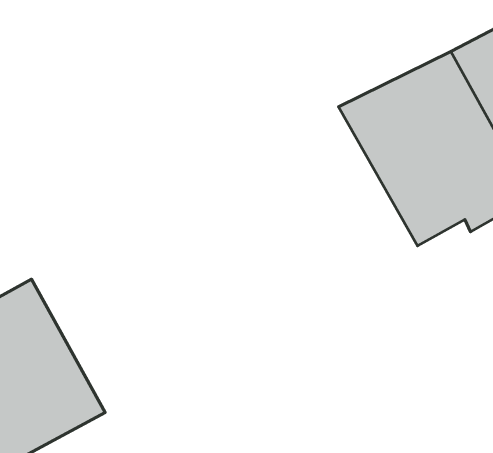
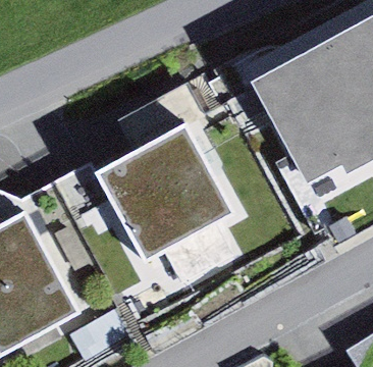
building: none -> [98,123,228,252]

